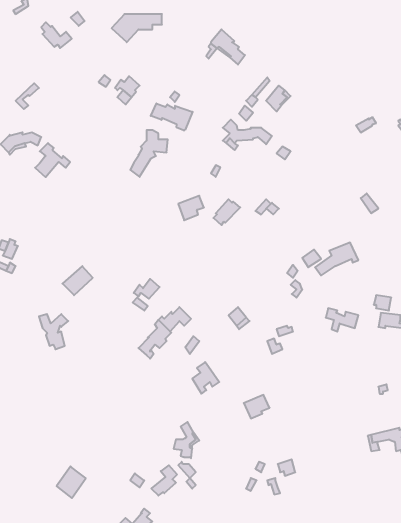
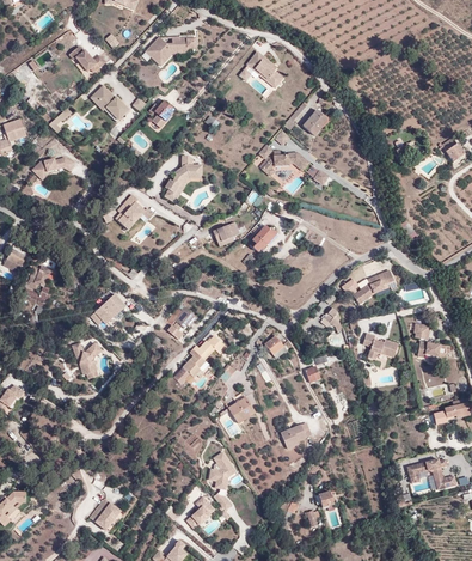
building: none -> [90,85,129,120]
building: [151,103,193,131] -> none
building: [35,143,70,177] -> [118,194,154,228]

